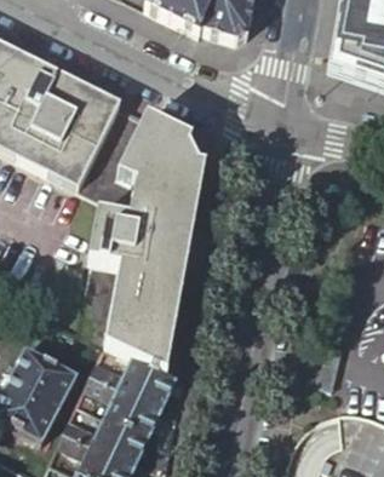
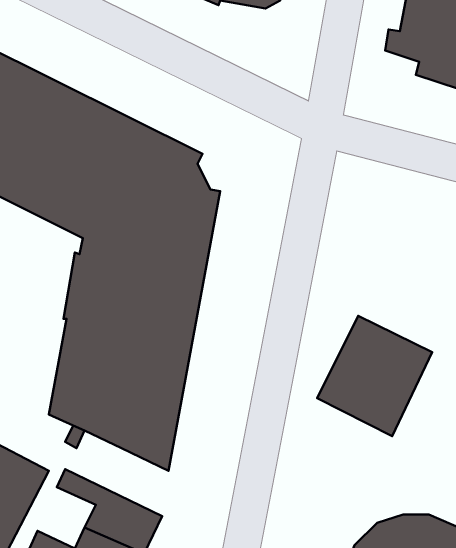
building: none -> [317,316,432,436]
building: [90,358,176,409] -> none

